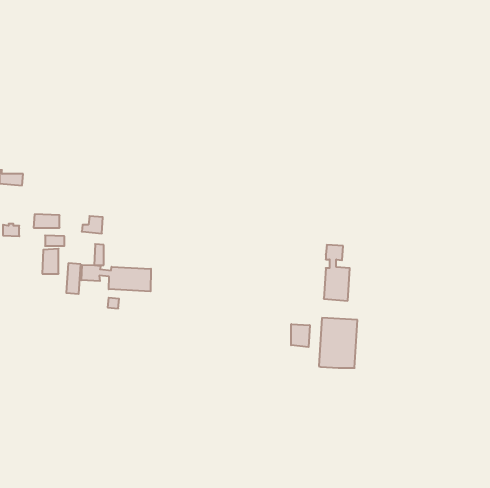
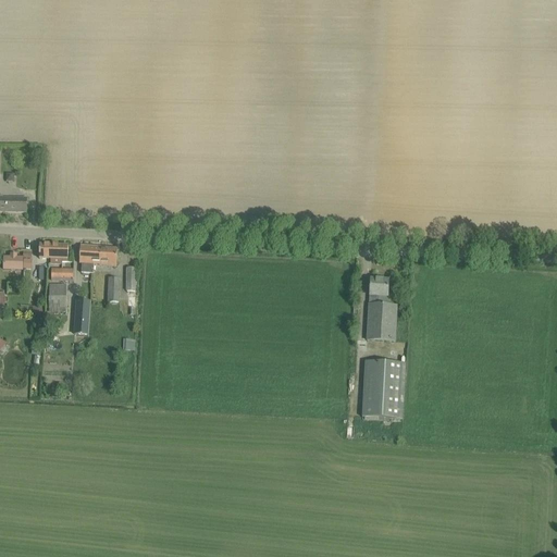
building: none -> [78,244,101,271]
building: [81,265,151,291] -> none
building: [291,324,310,347] -> none

